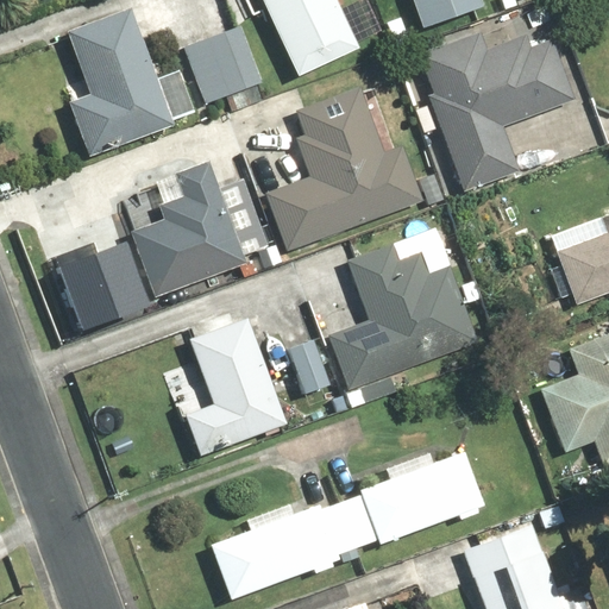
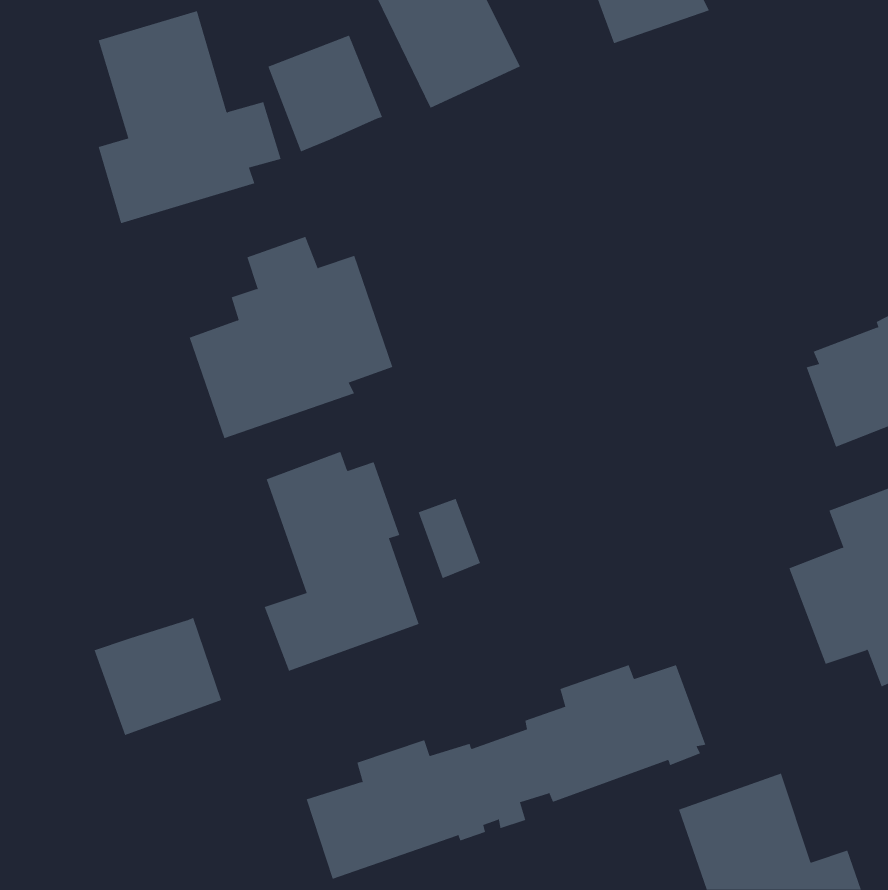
building: [413,30,575,195] -> none
building: [265,89,445,250] -> none
building: [327,231,478,408] -> none
building: [55,239,142,326] -> none
building: none -> [94,617,222,736]

